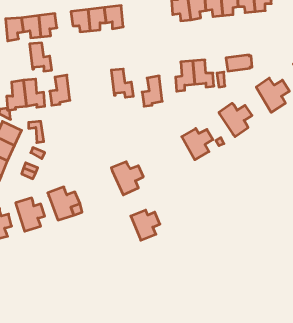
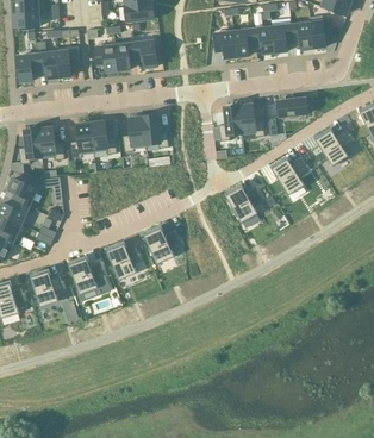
building: [30,43,52,71] -> [89,120,116,154]
building: [142,76,162,106] -> [121,115,145,151]
building: [131,210,160,240] -> [106,243,141,279]

